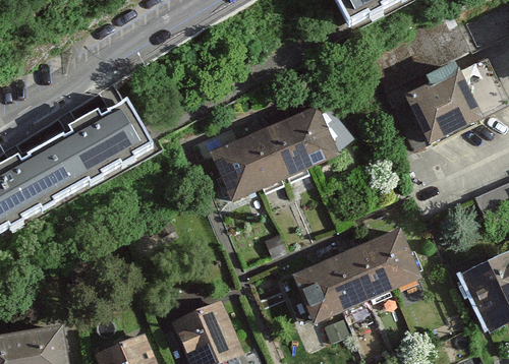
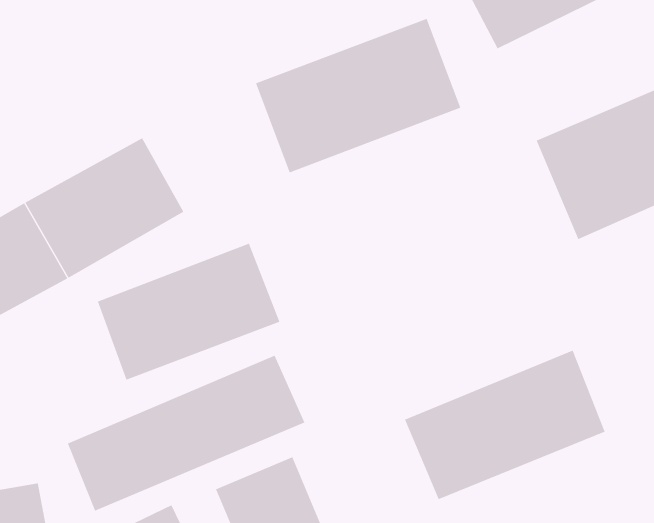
building: [214,108,349,209] -> [255,18,461,173]
building: none -> [97,243,280,380]
building: none -> [67,355,305,511]

